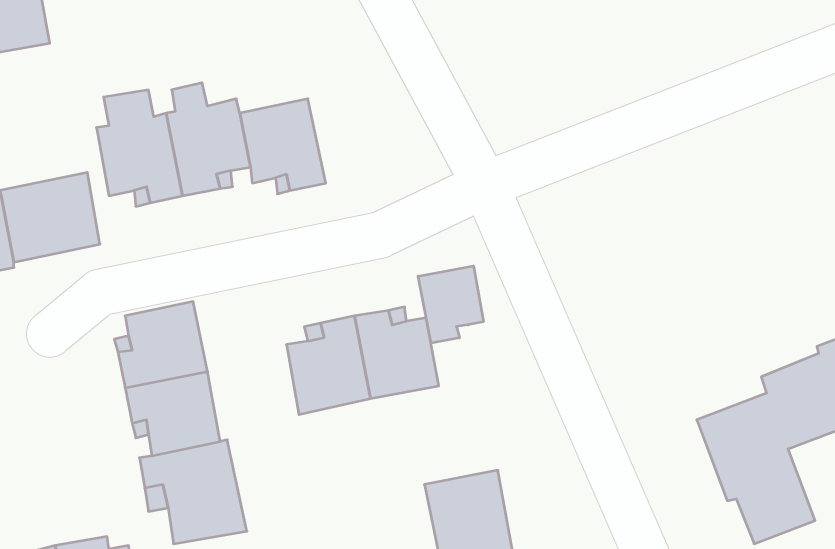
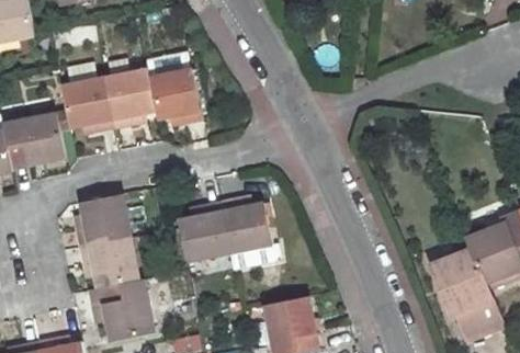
building: [418,266,483,343] -> none

